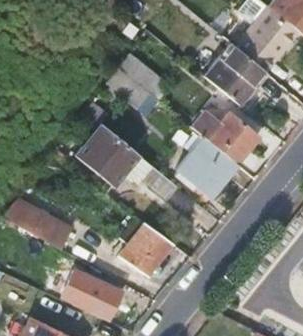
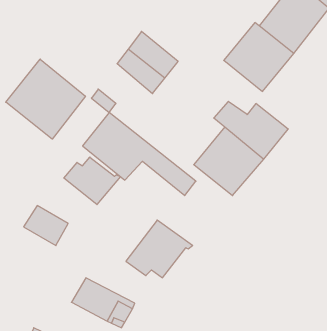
building: none -> [6,59,85,139]
building: none -> [64,157,120,205]

